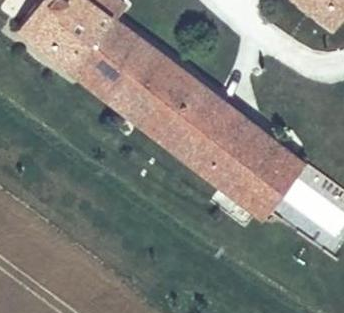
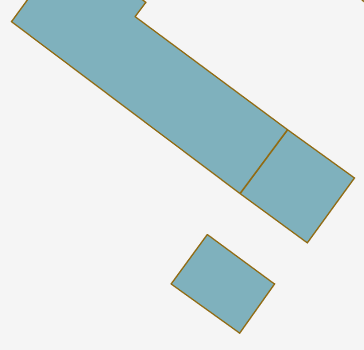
building: none -> [171,235,275,333]

